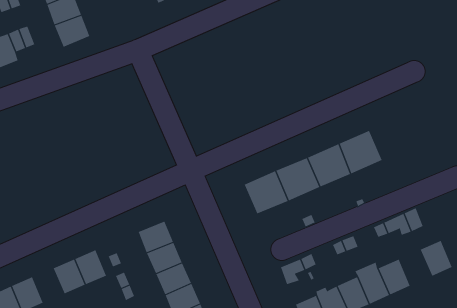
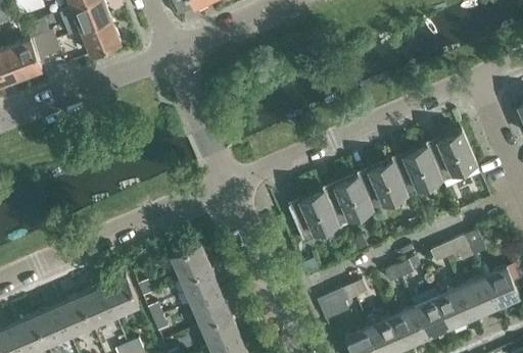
building: none -> [426,131,476,179]
building: none -> [459,276,494,316]
building: none -> [56,297,91,335]

